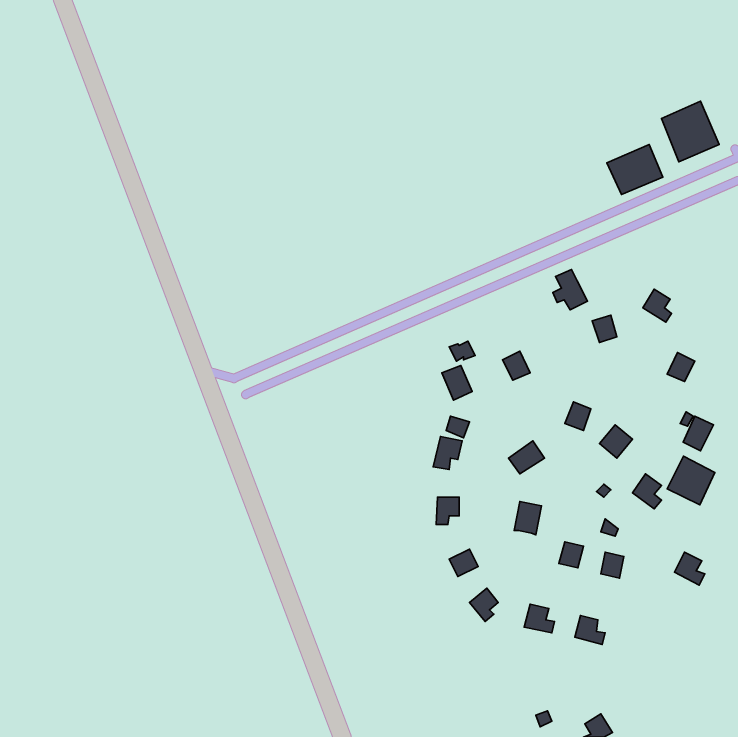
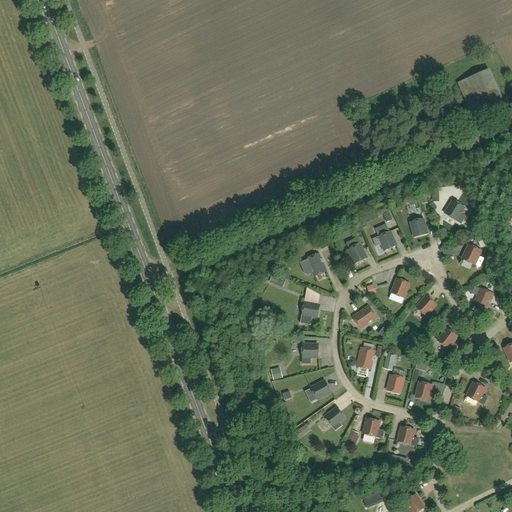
building: [607,145,663,194] -> none
building: [553,269,587,310] -> [373,223,397,251]
building: [667,456,715,505] -> none

